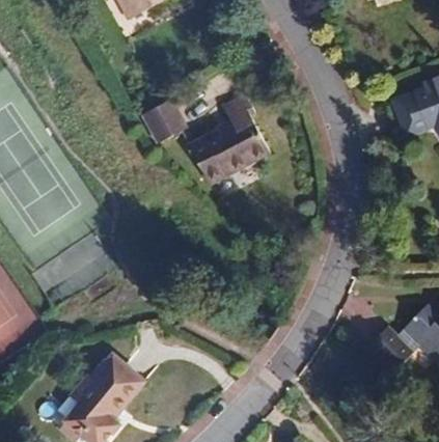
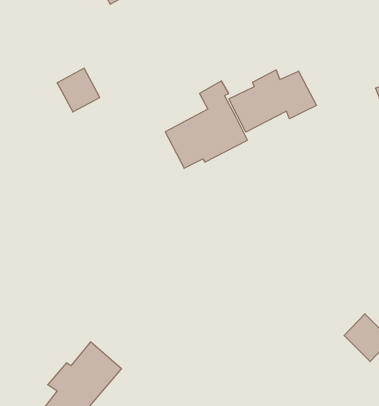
building: none -> [229,70,316,132]
building: [143,100,186,143] -> [57,68,100,112]

